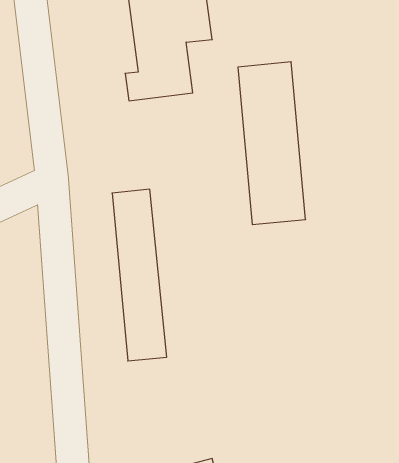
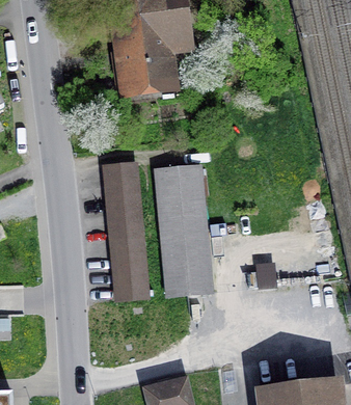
building: [238,62,306,225] -> [157,165,211,295]

